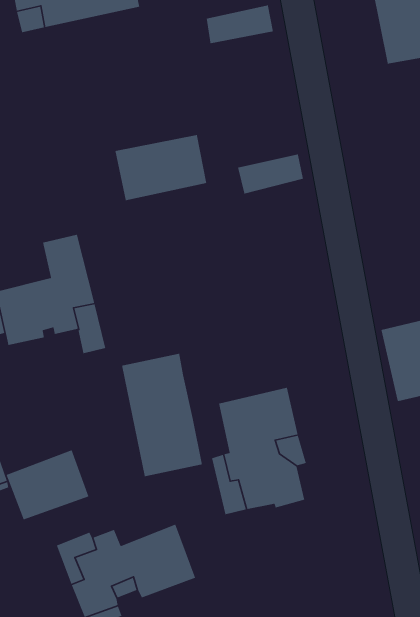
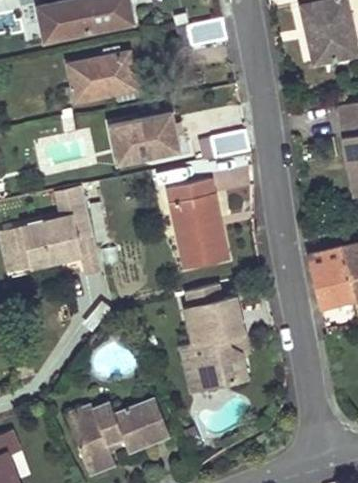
building: none -> [65,47,148,103]
building: [121,353,203,477] -> [168,178,228,269]
building: [6,449,89,520] -> none

